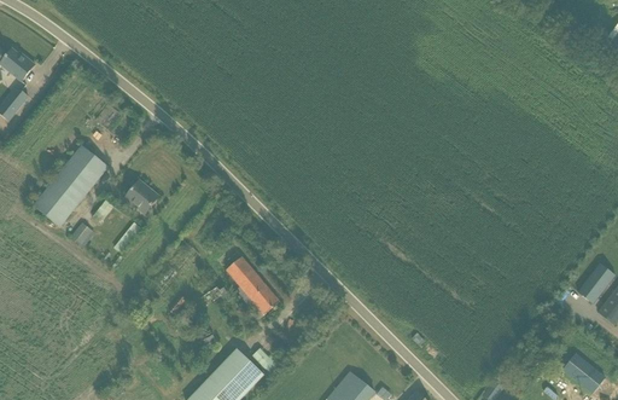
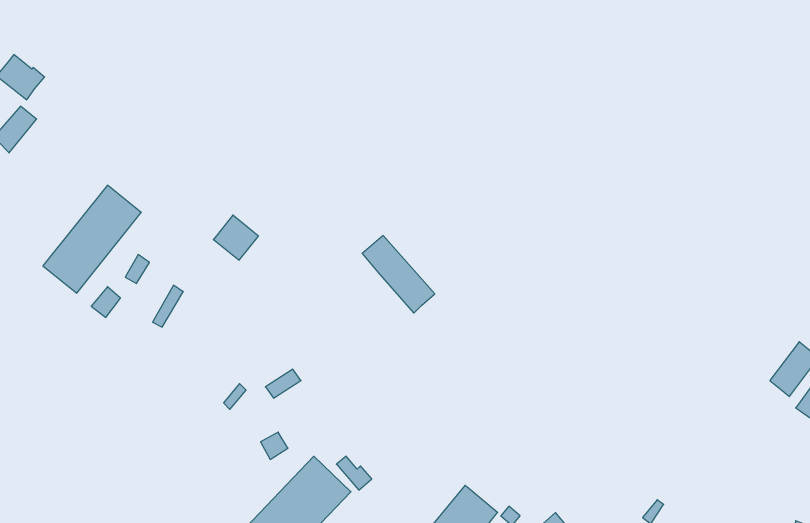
building: [124,178,158,211] -> [213,215,258,260]
building: [226,256,280,314] -> [362,236,435,313]
building: [561,354,602,392] -> none

